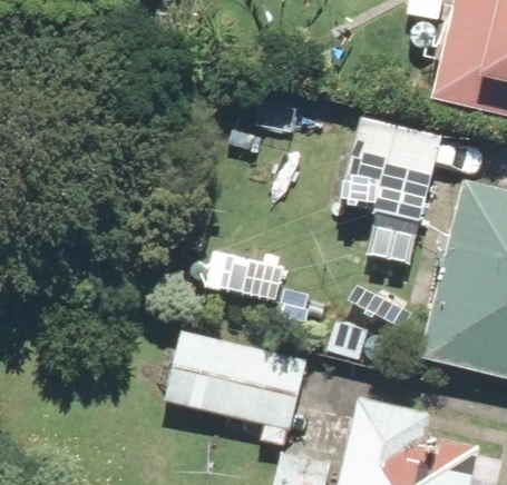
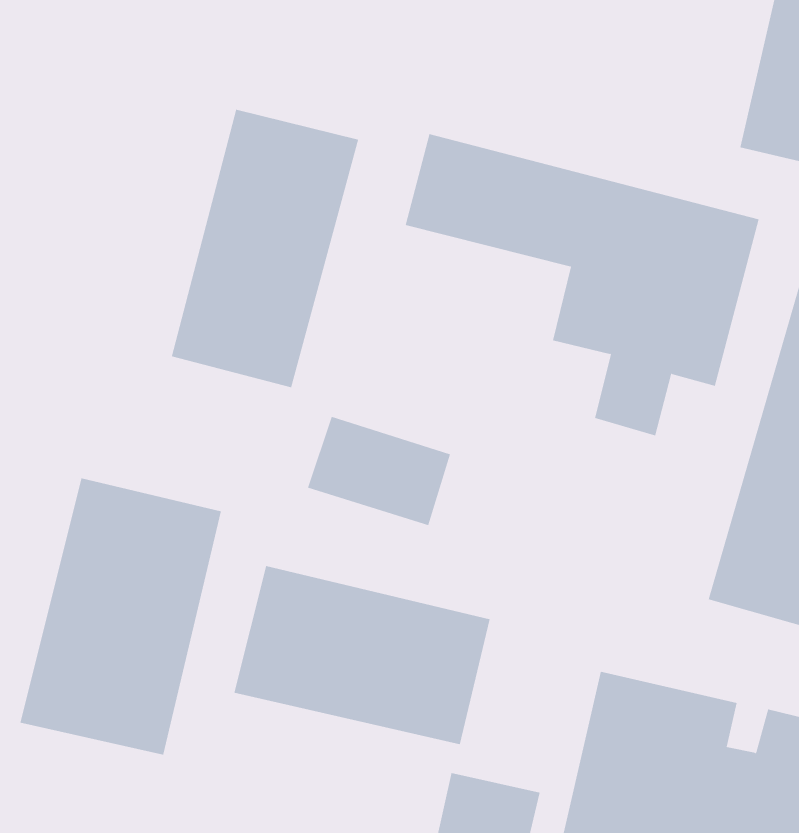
building: none -> [171,109,359,388]
building: none -> [20,477,222,756]

